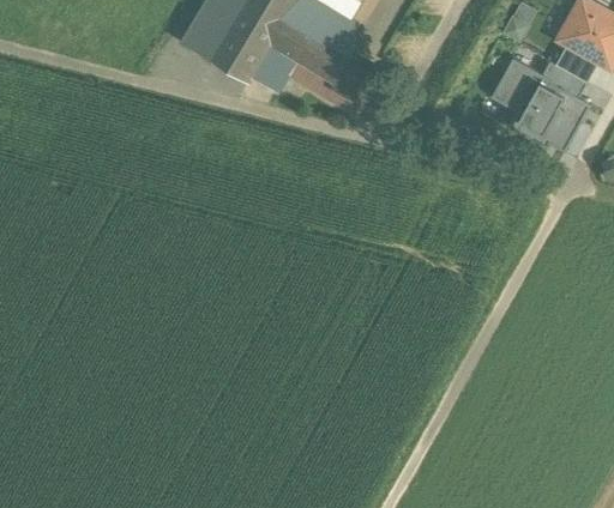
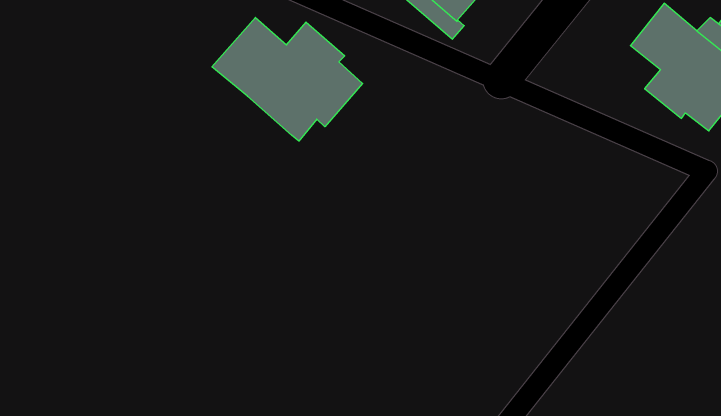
building: none -> [212,17,363,141]

